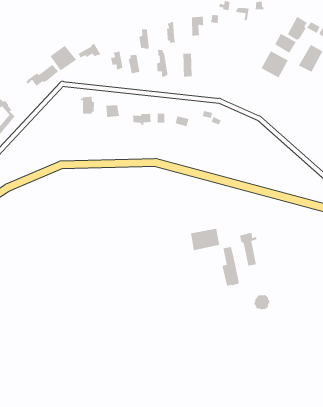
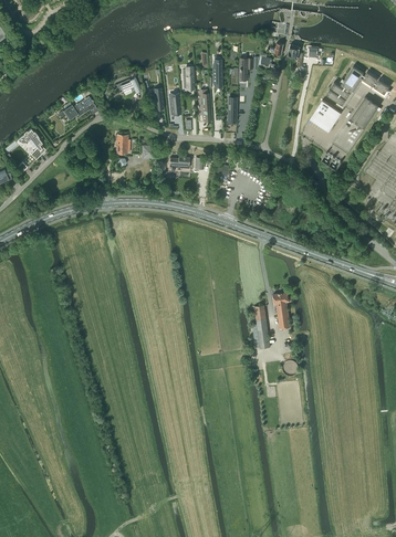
building: [50,45,77,72] -> none
building: [190,228,220,251] -> none

